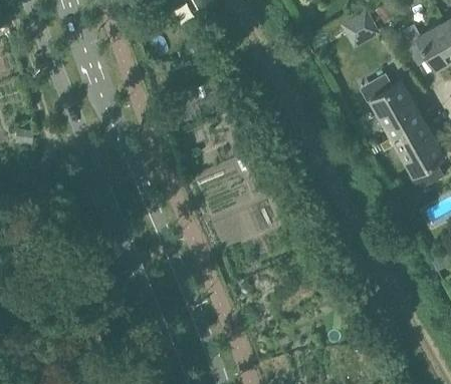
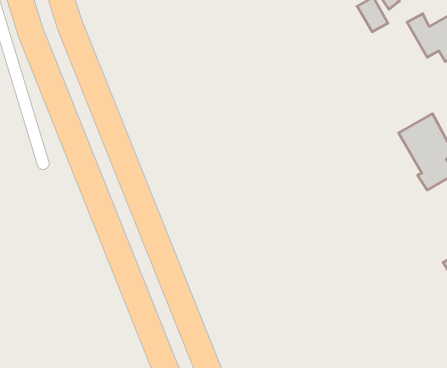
building: [359,73,423,136] -> none

